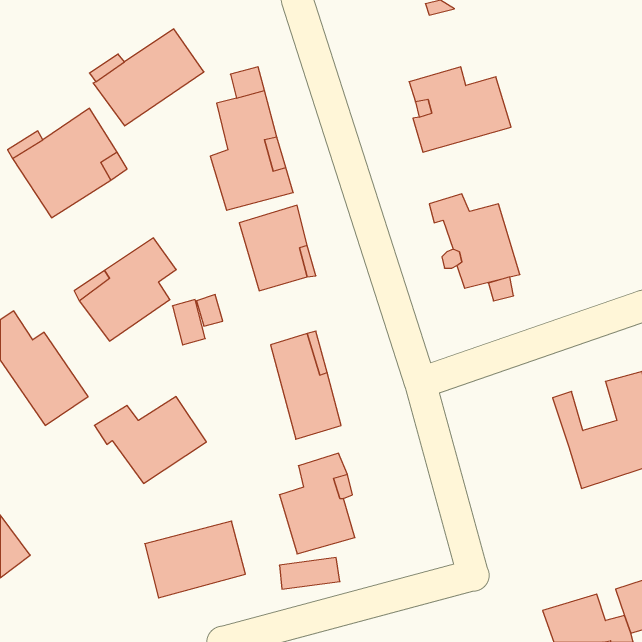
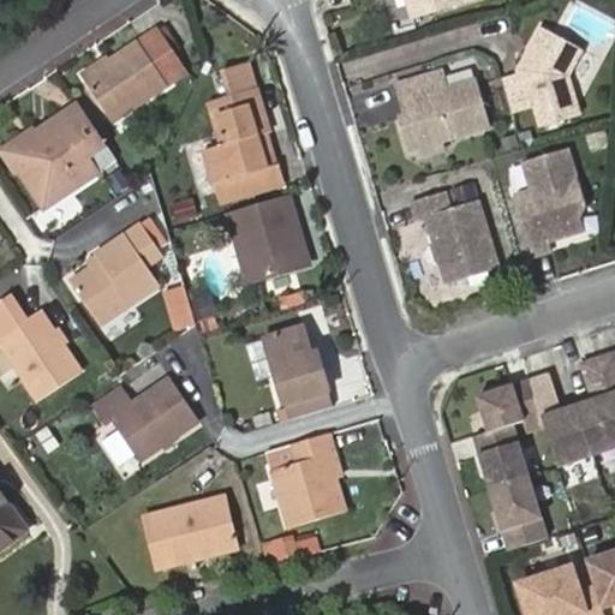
building: none -> [501,18,581,118]
building: none -> [513,148,583,251]
building: none -> [473,380,544,549]

